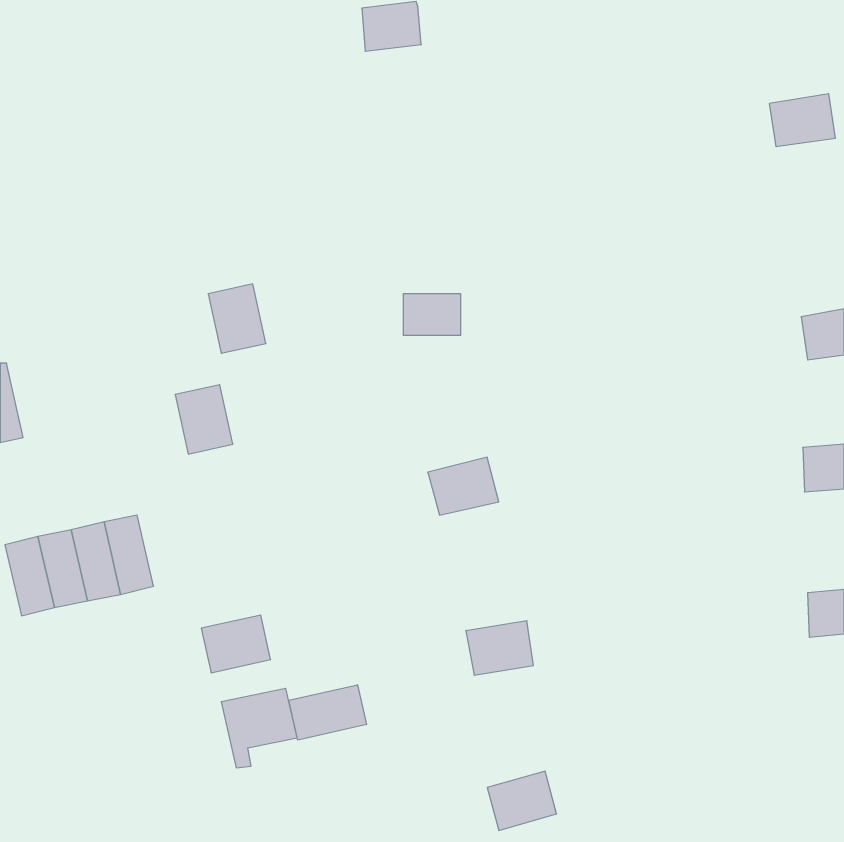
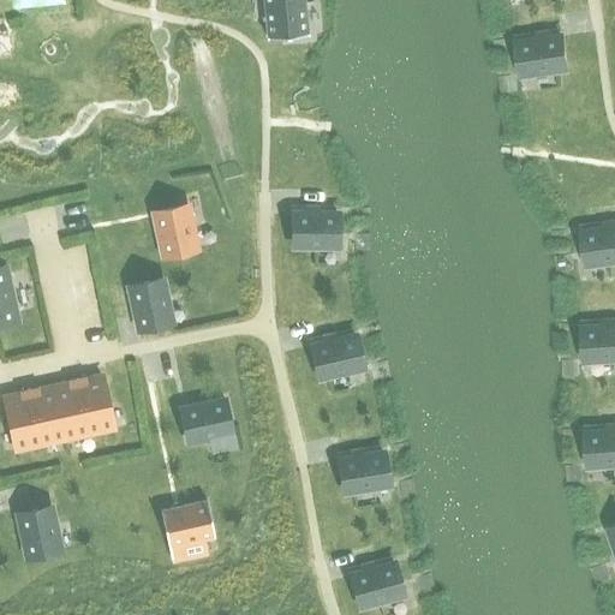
building: [769,94,835,147] -> [518,35,566,73]
building: [201,615,271,673] -> [181,398,232,440]
building: [289,685,366,740] -> none
building: none -> [18,504,60,555]

